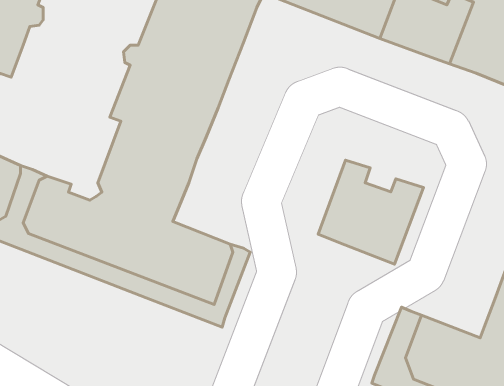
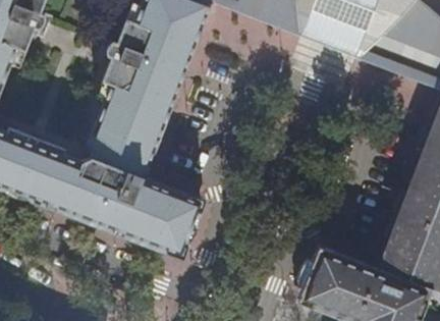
building: [318,160,424,264] -> none

